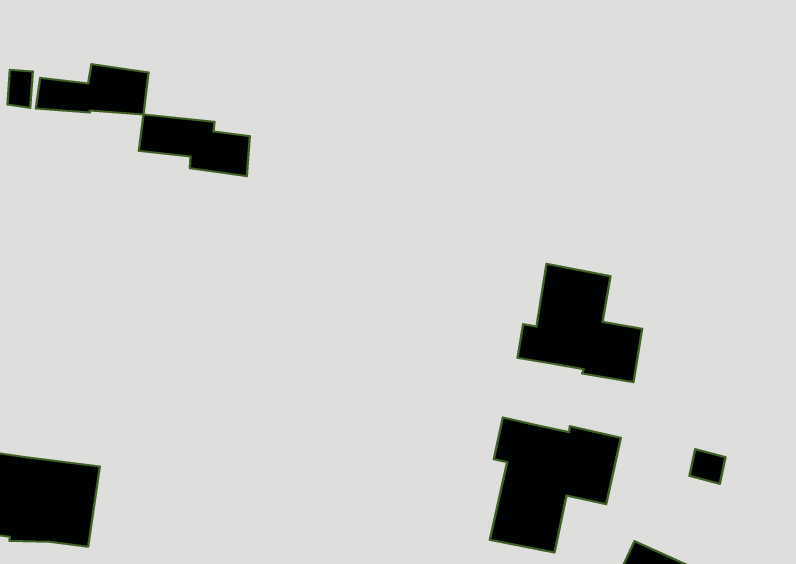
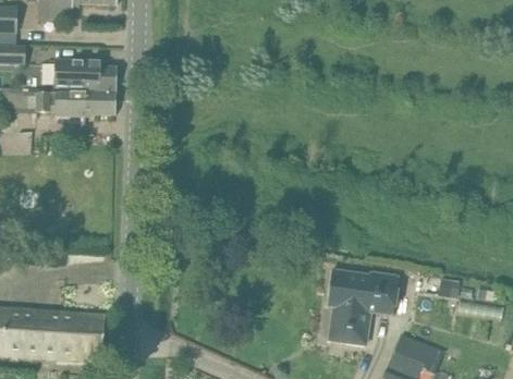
building: [139,115,250,176] -> [53,59,115,89]
building: [518,264,642,382] -> none

